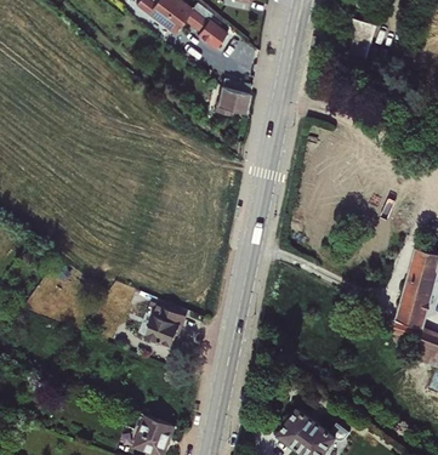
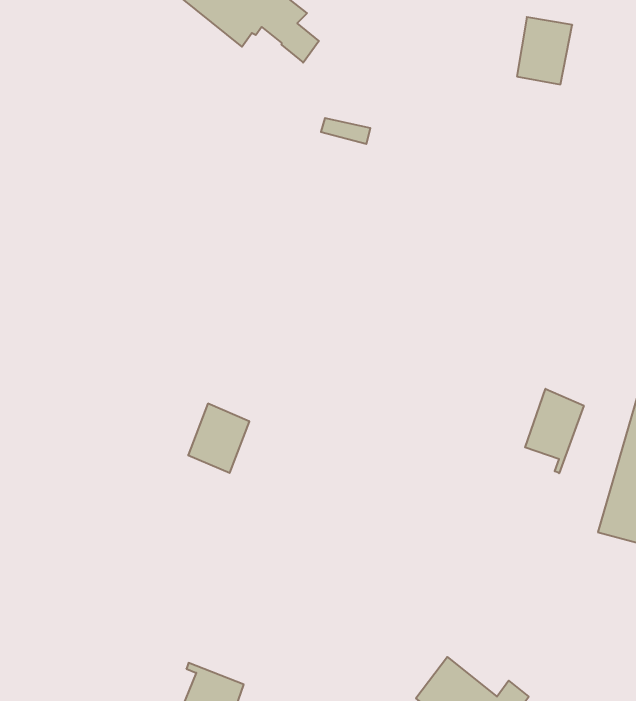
building: [215,87,249,116] -> none
building: none -> [525,389,584,473]
building: [146,305,183,347] -> [188,404,249,473]

